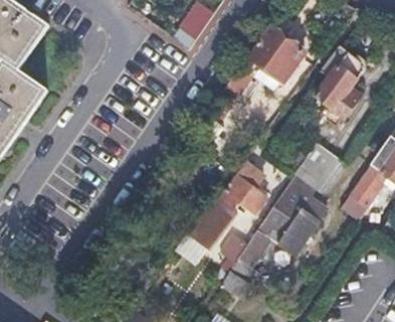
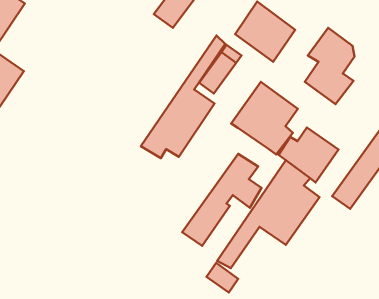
building: none -> [141,36,225,158]
building: none -> [231,82,298,154]

